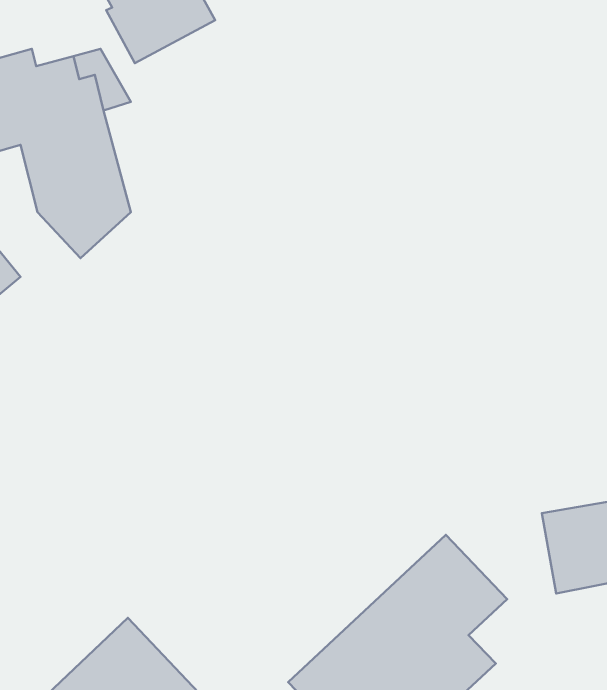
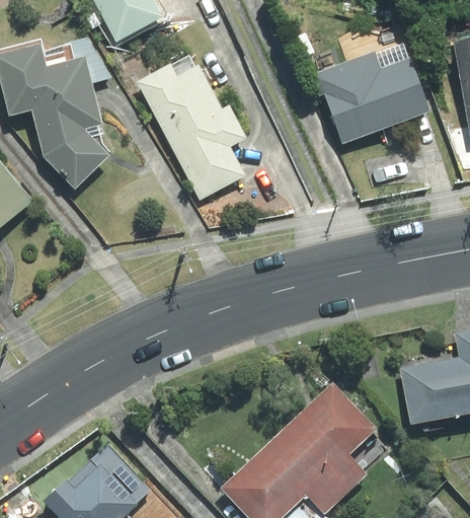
building: none -> [311,43,428,143]
building: none -> [137,55,243,201]

